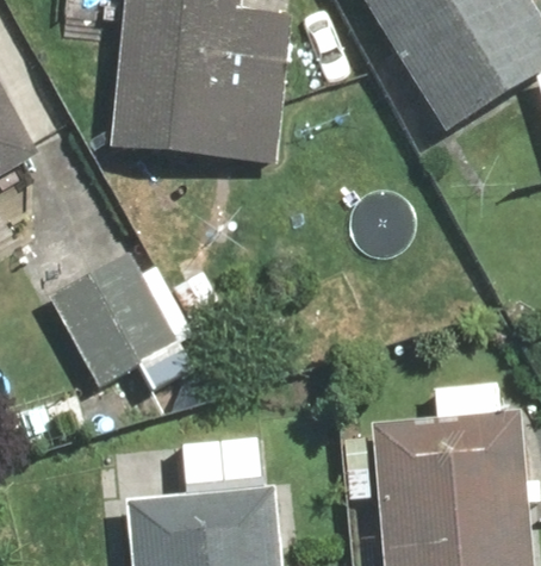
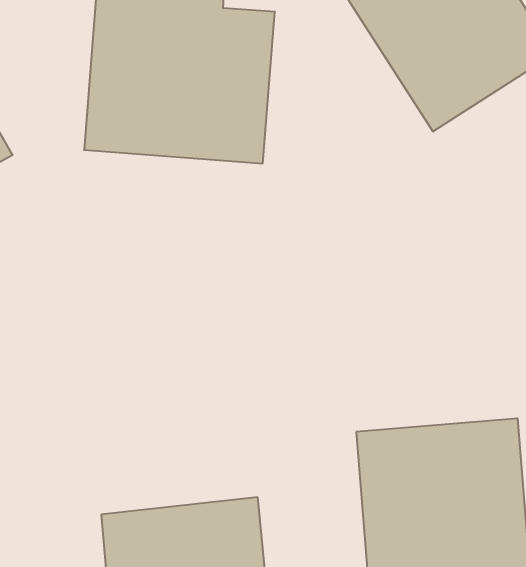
building: [51,253,178,384] -> none

